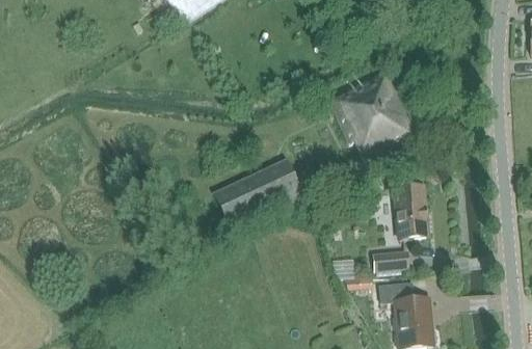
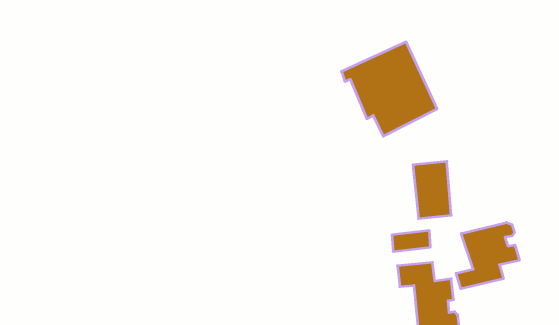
building: [211,158,301,226] -> none
building: none -> [456,222,519,289]

